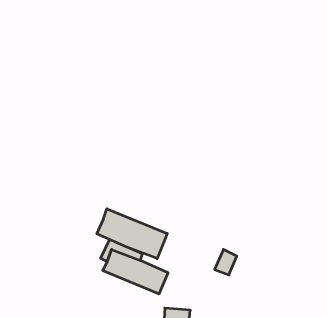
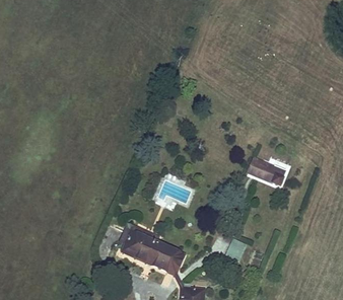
building: none -> [248,154,286,182]
building: [97,209,167,259] -> none

